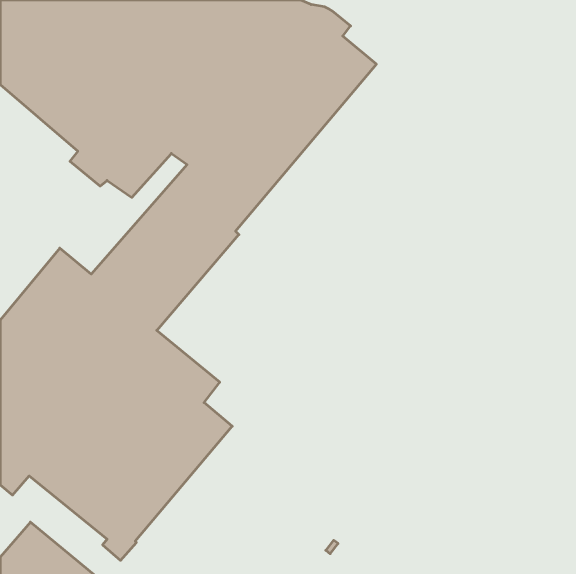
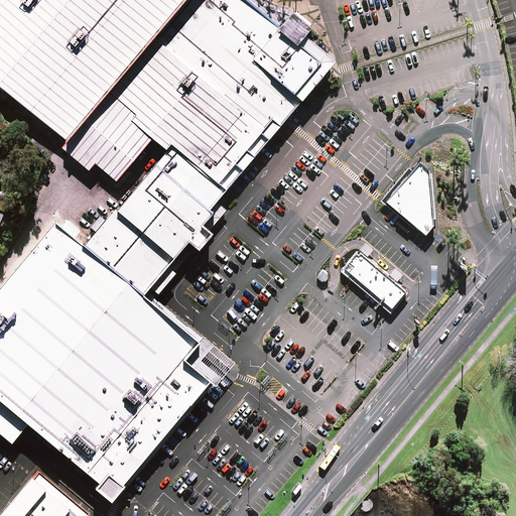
building: none -> [382,160,434,235]
building: none -> [346,253,406,308]

